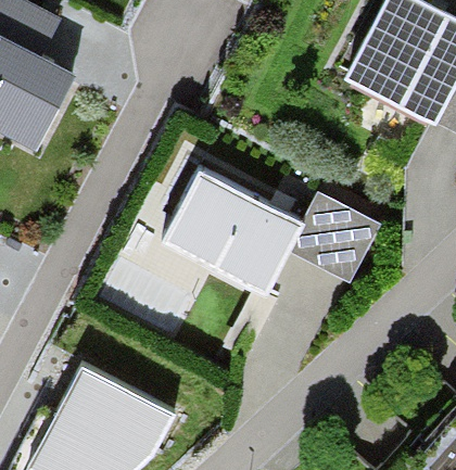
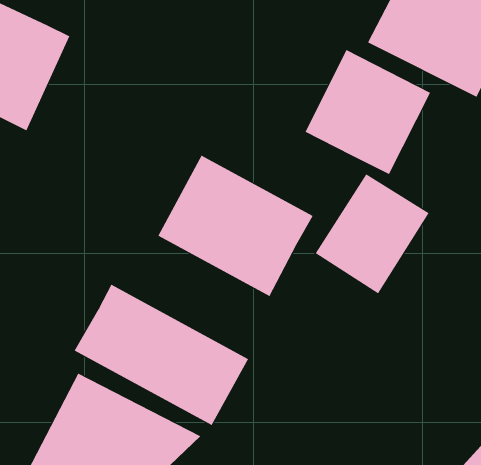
building: none -> [305,49,431,175]
building: none -> [74,284,249,426]

